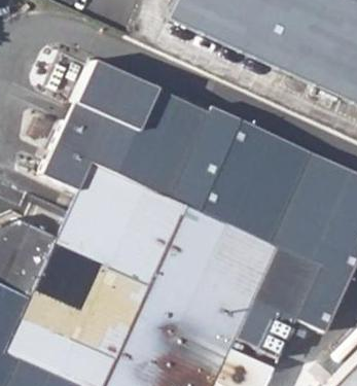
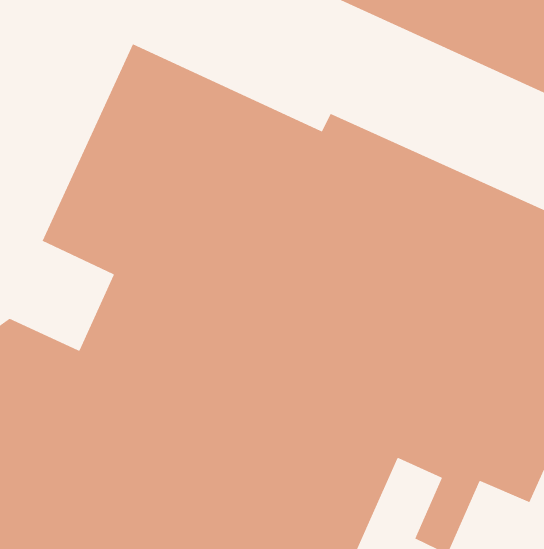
building: [230,301,271,347] -> none

